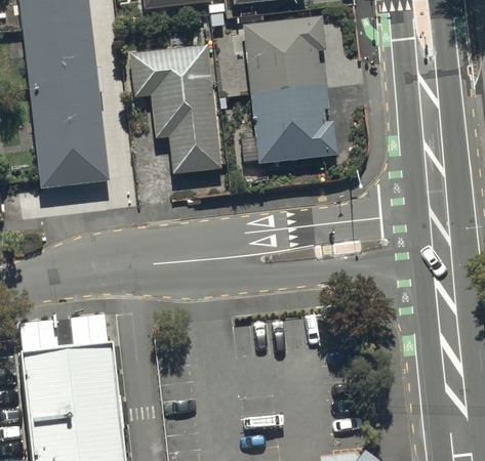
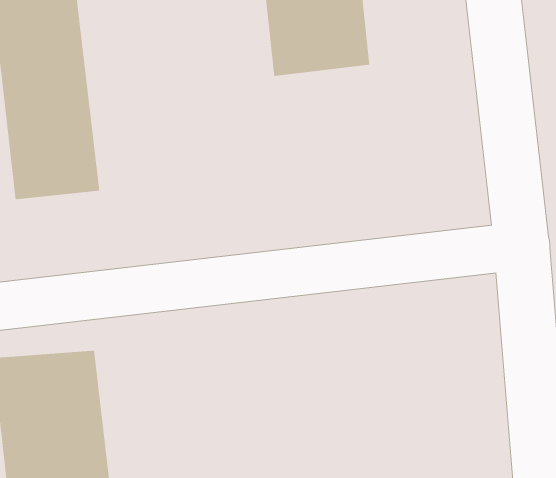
building: [131,44,219,174] -> none
building: [249,83,335,164] -> none

